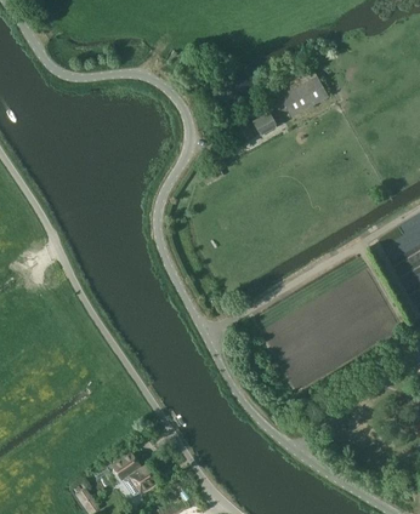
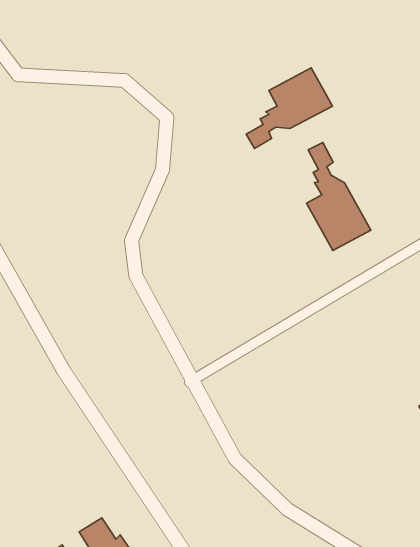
building: none -> [306,143,371,250]

